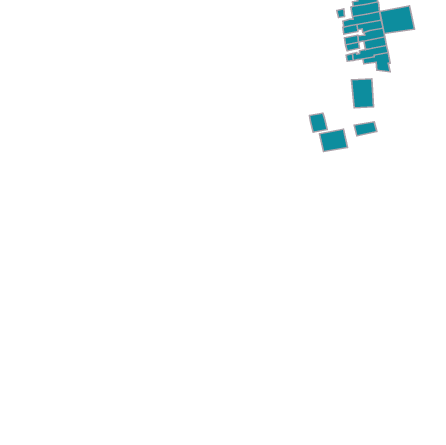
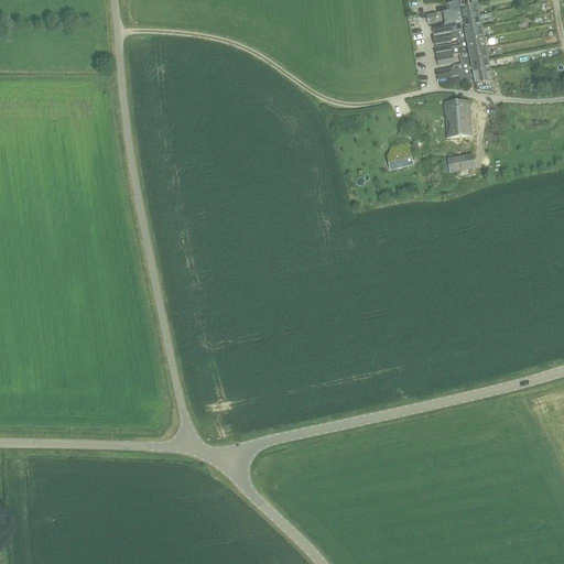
building: [380,6,414,34] -> none
building: [320,129,348,151] -> none

